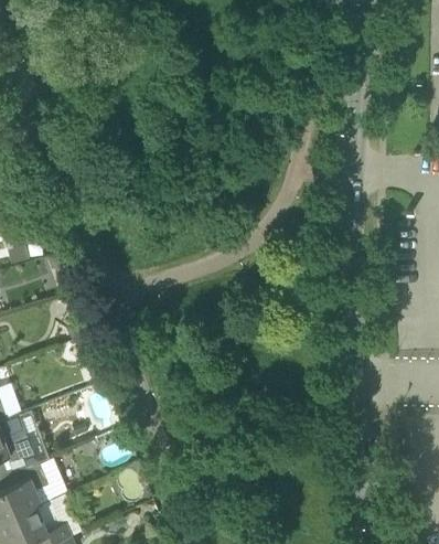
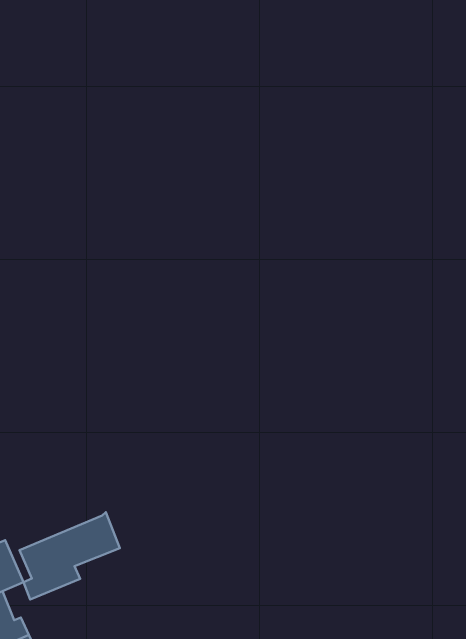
building: none -> [19,512,120,600]

